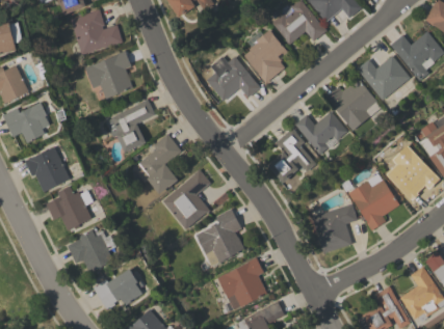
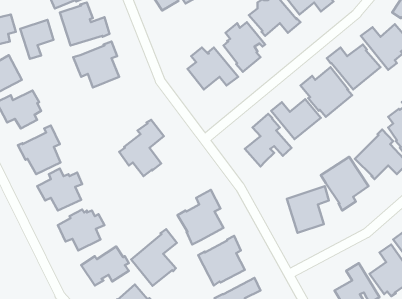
building: none -> [20,20,54,59]
building: [105,99,155,152] -> none
building: [162,168,211,228] -> [131,229,177,286]

